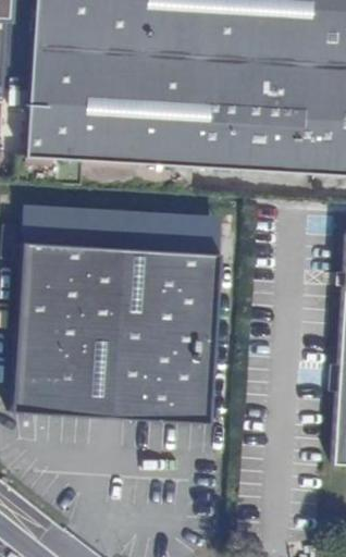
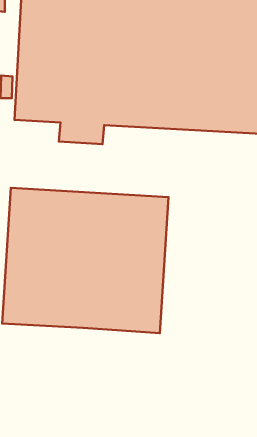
building: [22,201,221,251] -> none

